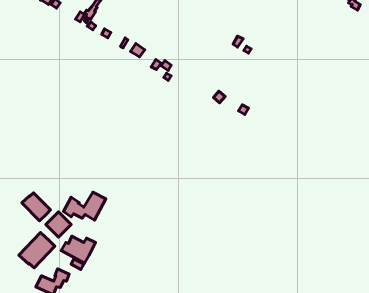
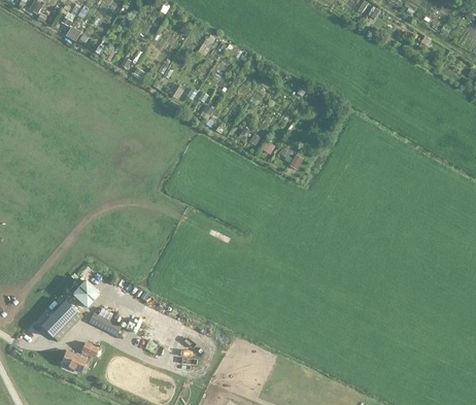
building: [63,192,106,220] -> none
building: [22,193,51,221] -> none

